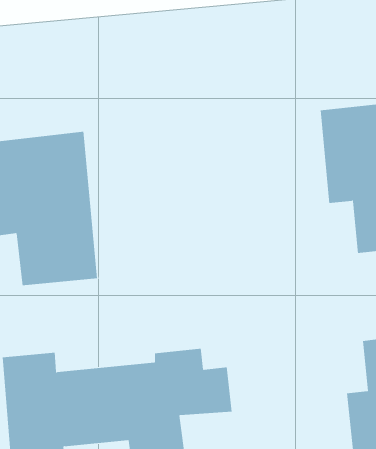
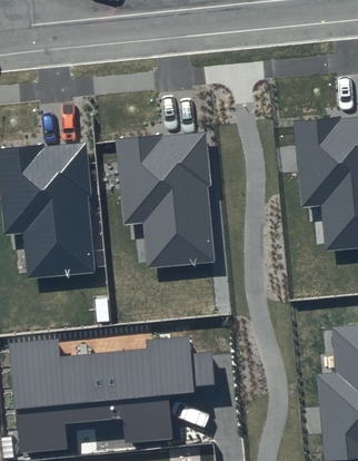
building: none -> [115,131,216,268]

